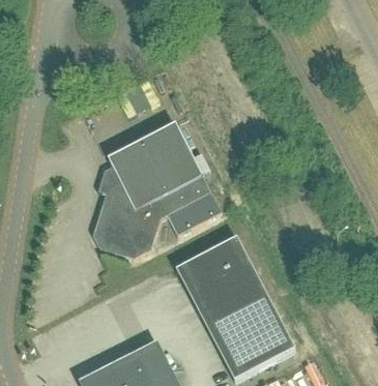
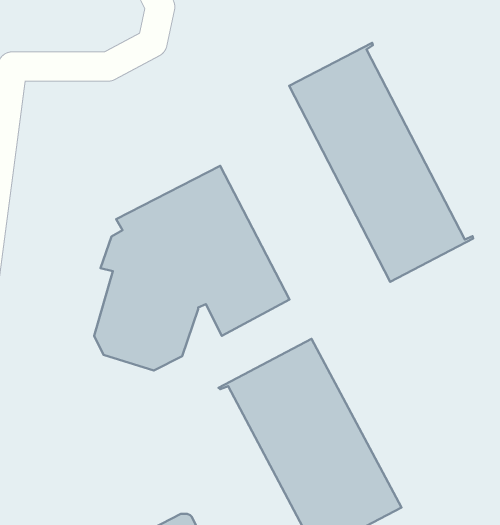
building: none -> [289,43,473,282]

